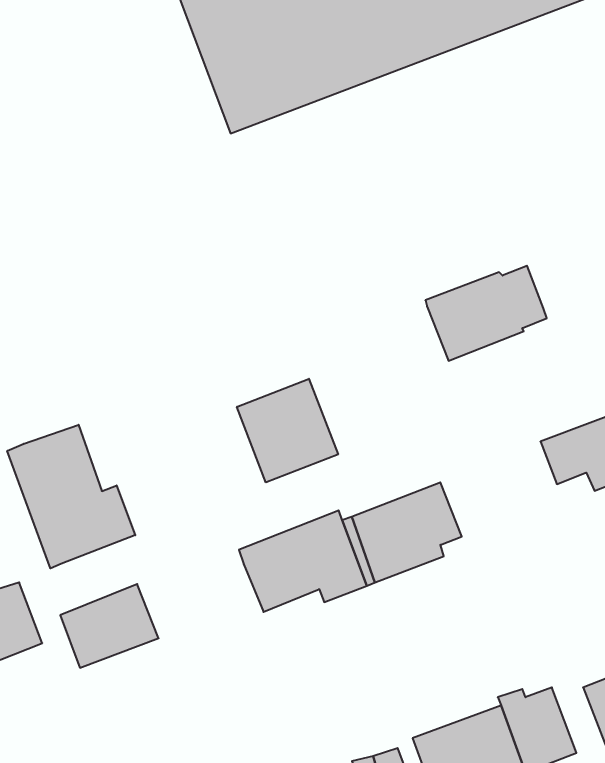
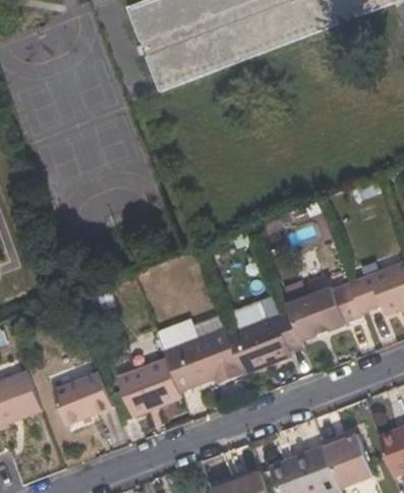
building: [425,266,547,361] -> [287,283,362,342]
building: [237,379,338,482] -> none
building: [7,425,135,568] -> none
building: none -> [117,360,181,417]

